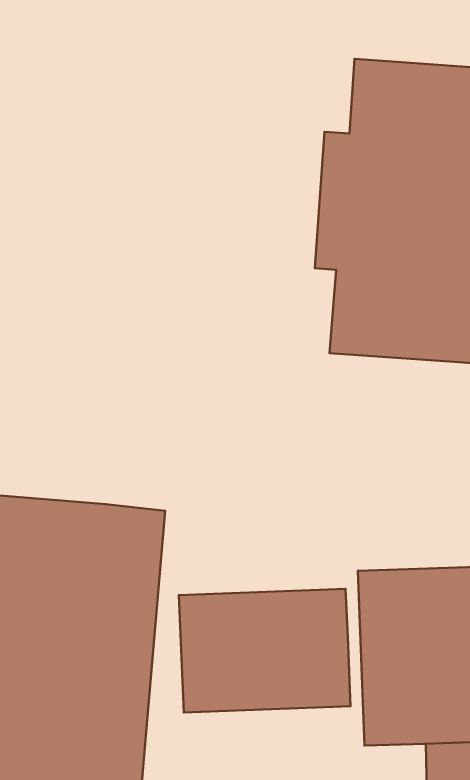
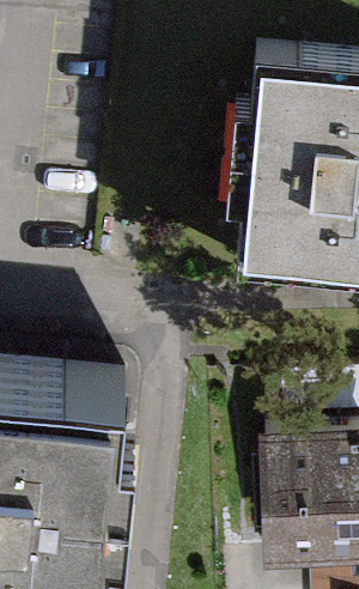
building: [179,589,351,713] -> none

